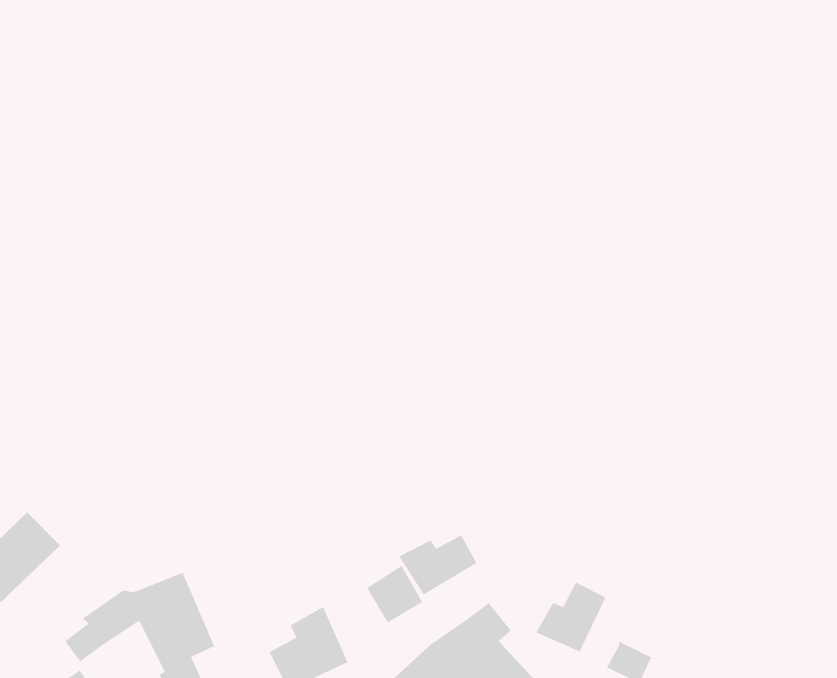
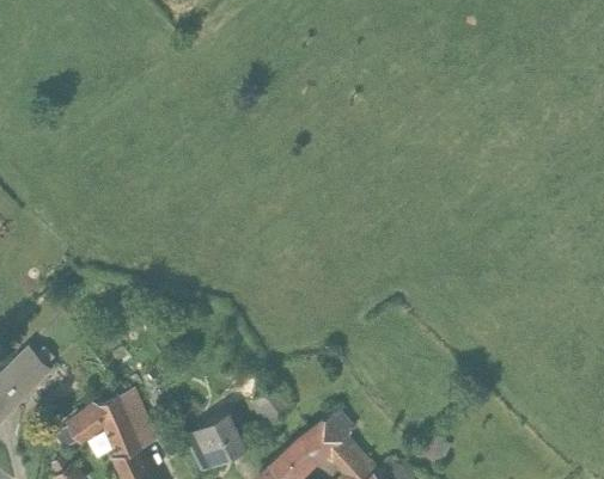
building: [398,534,478,595] -> none
building: [535,582,606,653] -> none

